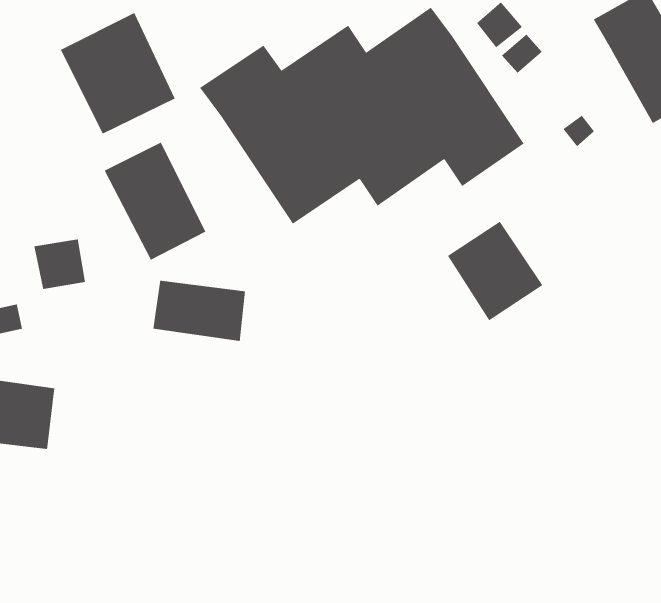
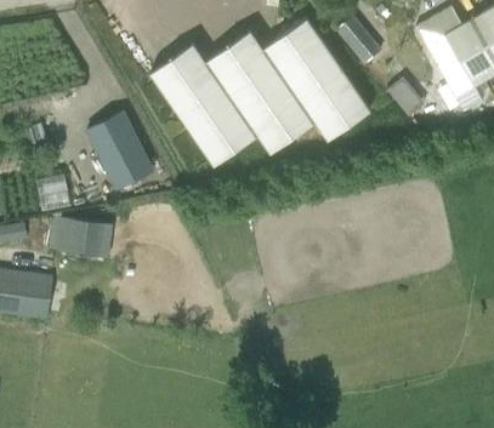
building: [60,12,176,134] -> none
building: [447,221,543,321] -> none
building: [152,280,246,341] -> [47,217,110,258]

